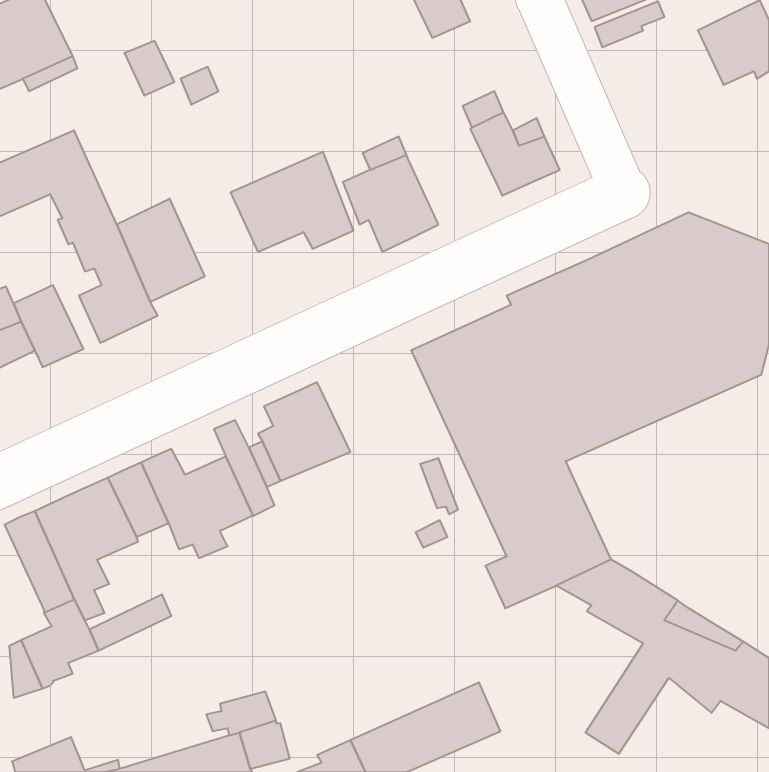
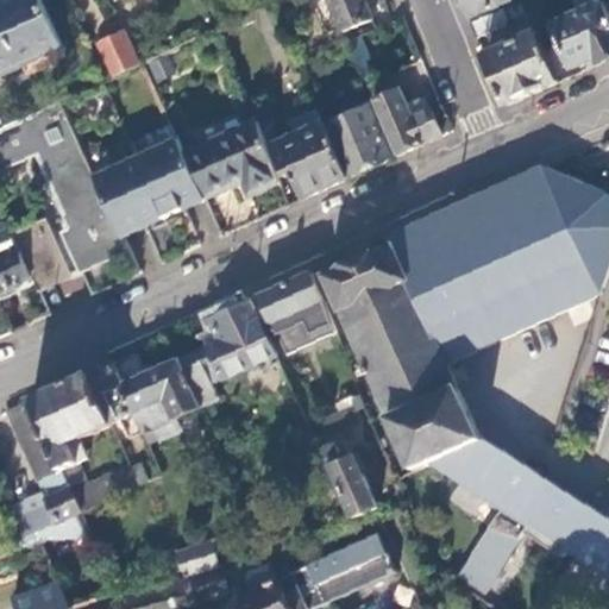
building: none -> [481,31,555,105]
building: none -> [320,106,388,176]
building: none -> [133,137,202,216]
building: none -> [255,272,333,354]
building: none -> [320,446,375,517]

